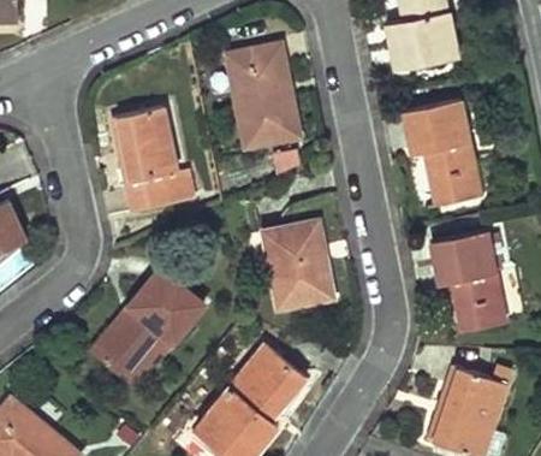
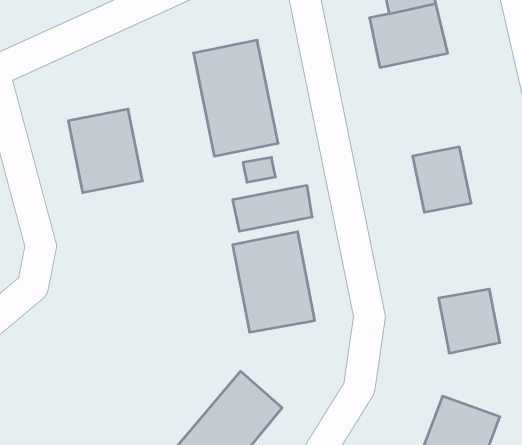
building: [400,99,469,153] -> none
building: [121,170,195,212] -> [233,186,312,231]
building: [428,230,497,283] -> none
building: [96,273,204,386] -> none

